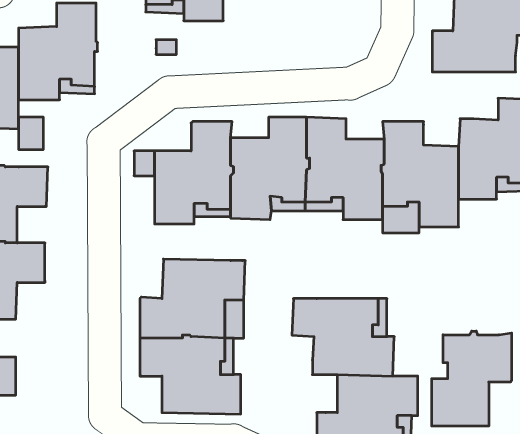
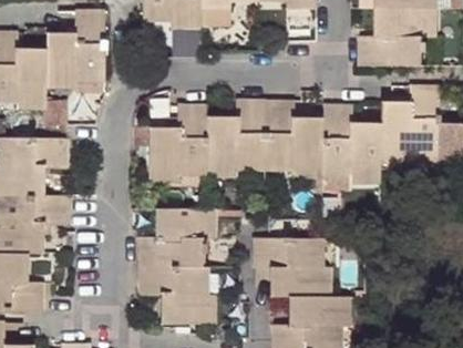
building: [432,331,512,426] -> none

